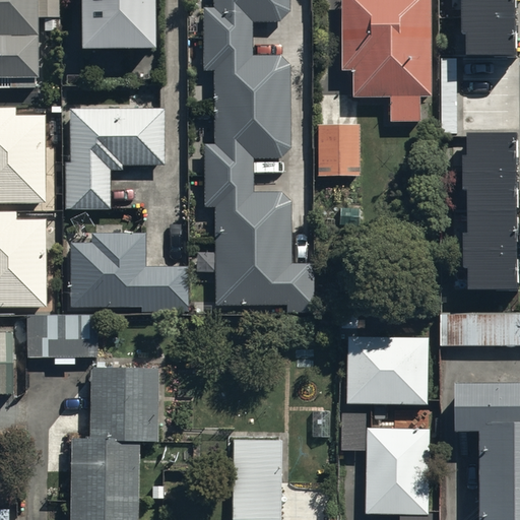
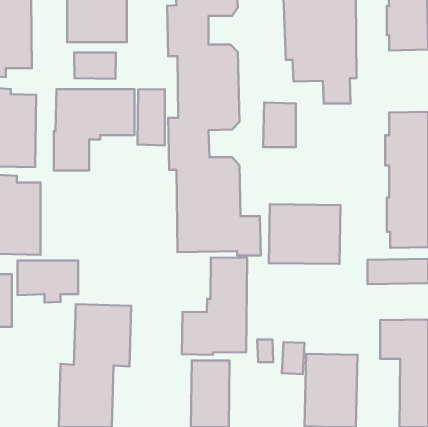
building: none -> [74,52,116,79]
building: none -> [138,89,165,145]
building: [70,235,188,308] -> none
building: none -> [182,257,247,355]
building: [347,336,434,408] -> [269,204,340,264]

